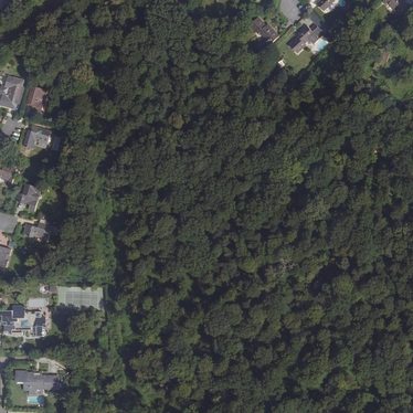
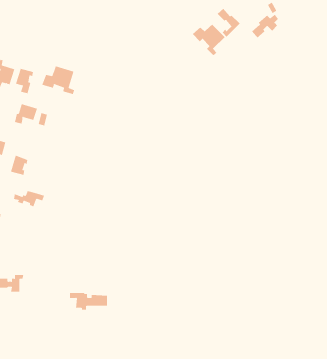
building: none -> [192,24,225,56]
building: none -> [42,66,75,95]
building: [15,372,59,392] -> [69,292,108,310]

